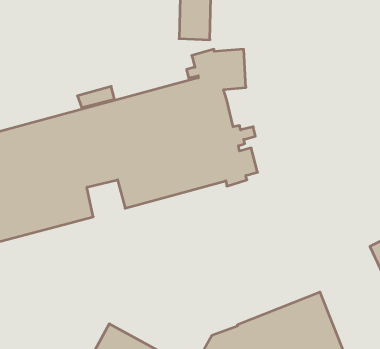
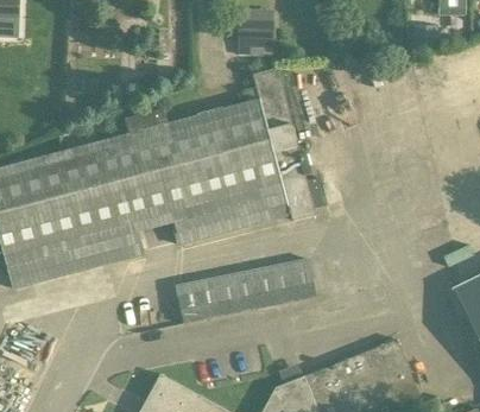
building: none -> [176,258,317,323]

